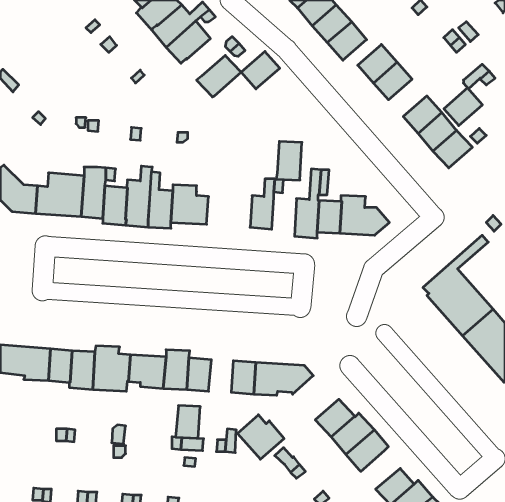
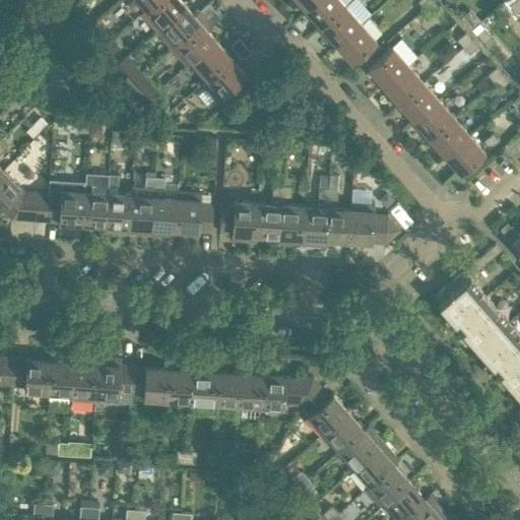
building: [241,51,280,89] -> [192,43,232,81]
building: [444,88,482,126] -> [399,84,439,123]
building: [276,141,302,180] -> [278,206,305,246]
building: none -> [220,203,259,243]
building: [176,406,200,438] -> [214,373,240,406]
building: [238,415,284,459] -> [301,389,348,435]
building: none -> [364,466,411,509]

